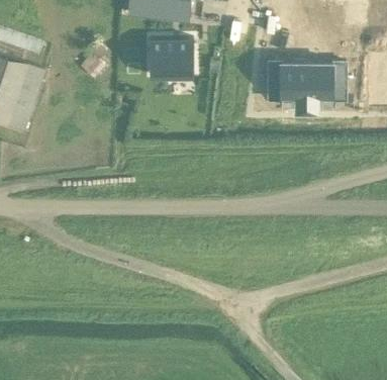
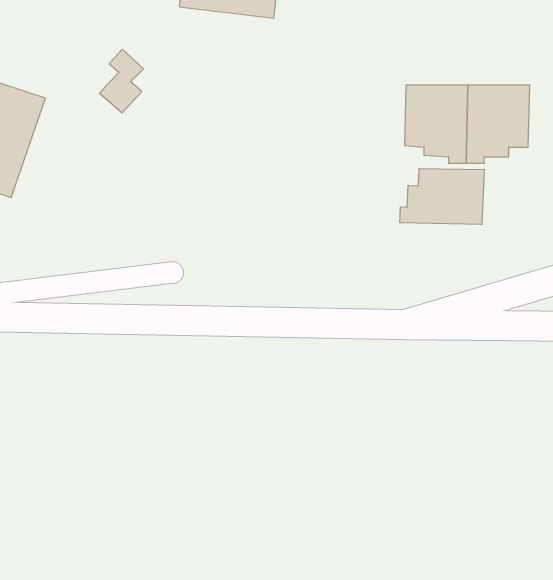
building: [147,38,191,78] -> none
building: none -> [400,168,484,225]

